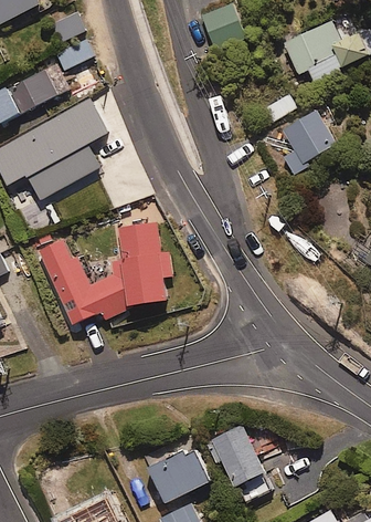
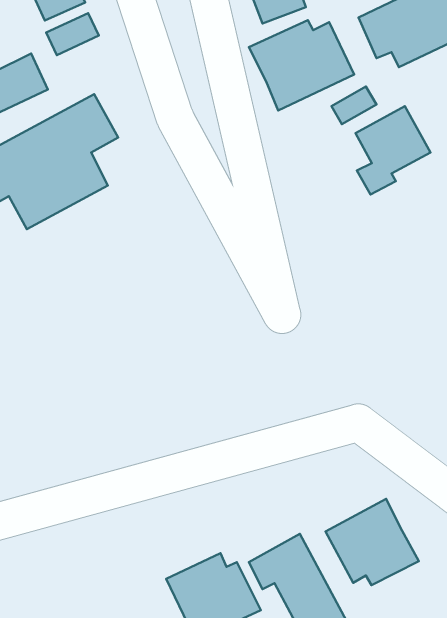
building: none -> [249,20,354,111]
building: [38,222,173,324] -> none
building: none -> [326,499,419,585]

